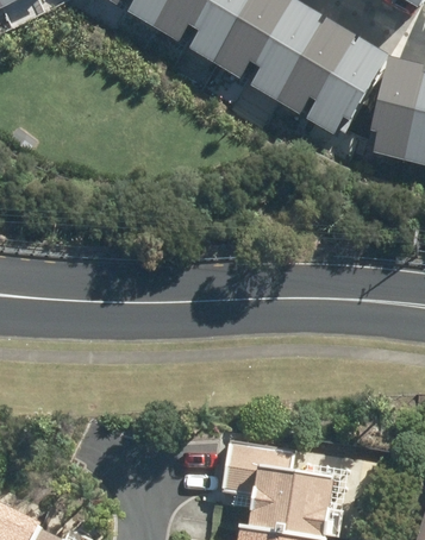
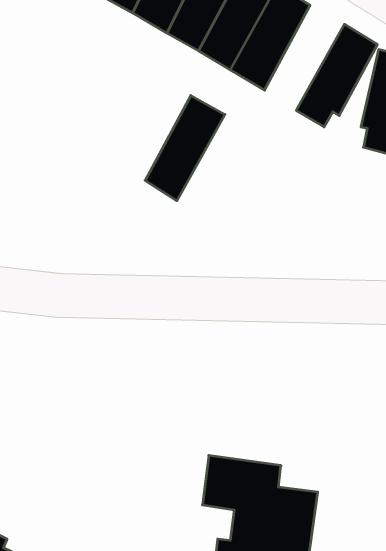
building: [279,20,354,119] -> [145,95,225,201]

